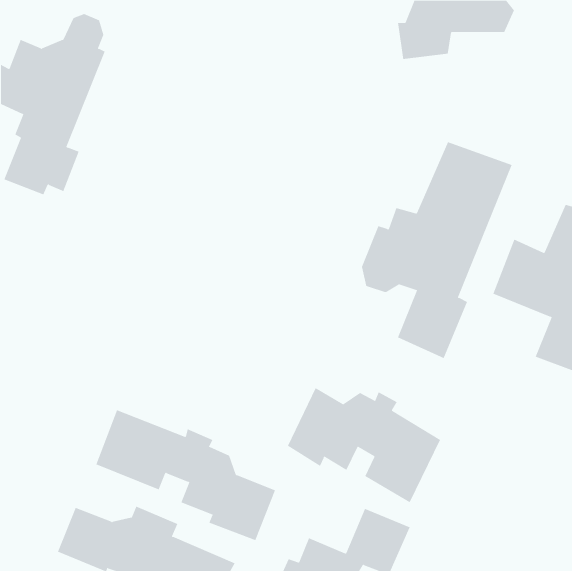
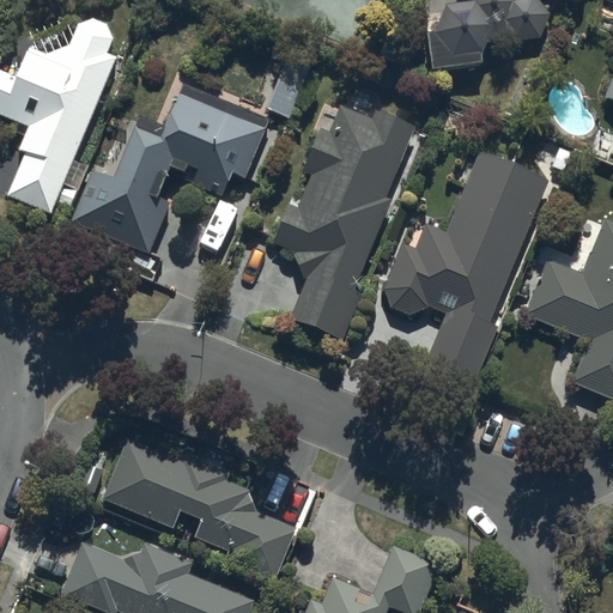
building: none -> [71,80,281,254]
building: none -> [272,104,415,342]
building: [287,387,441,503] -> none

